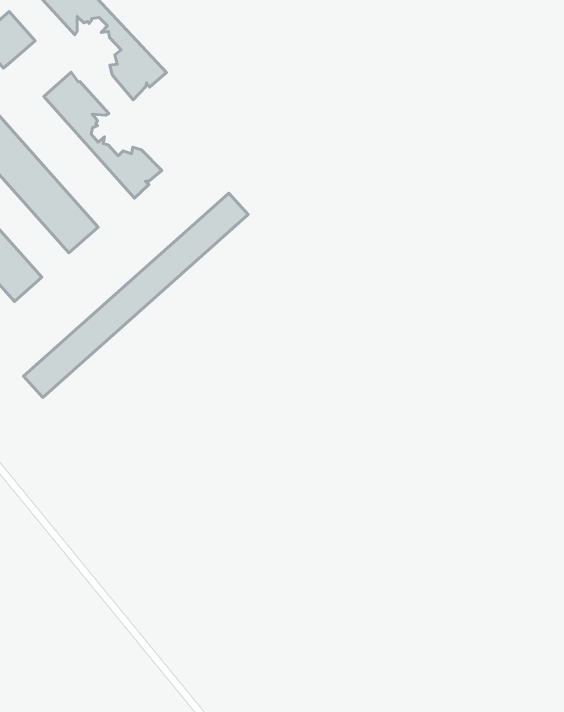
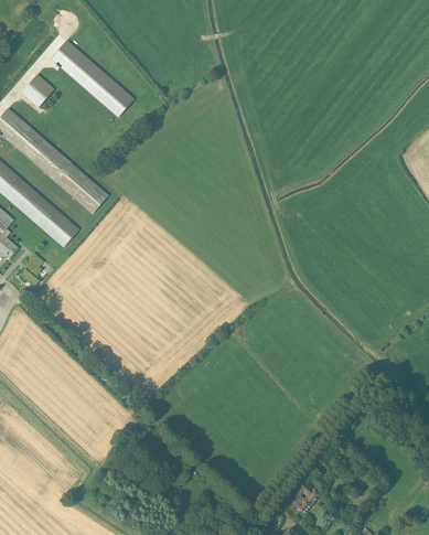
building: [44,72,162,198] -> none
building: [24,193,248,398] -> none

